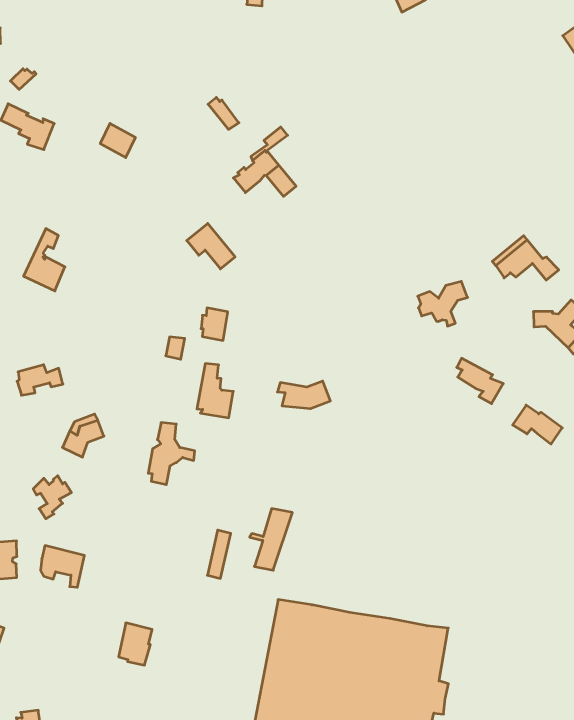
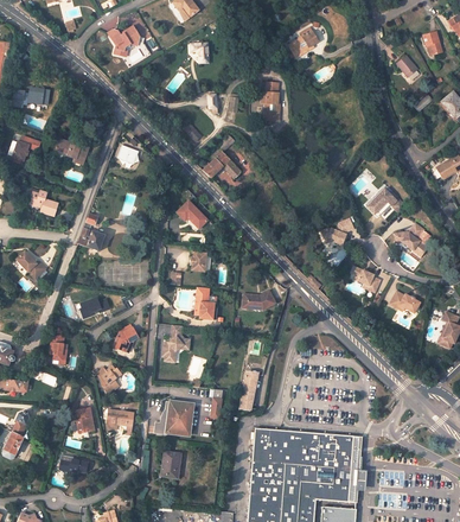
building: none -> [261,82,280,123]
building: none -> [153,399,192,434]

